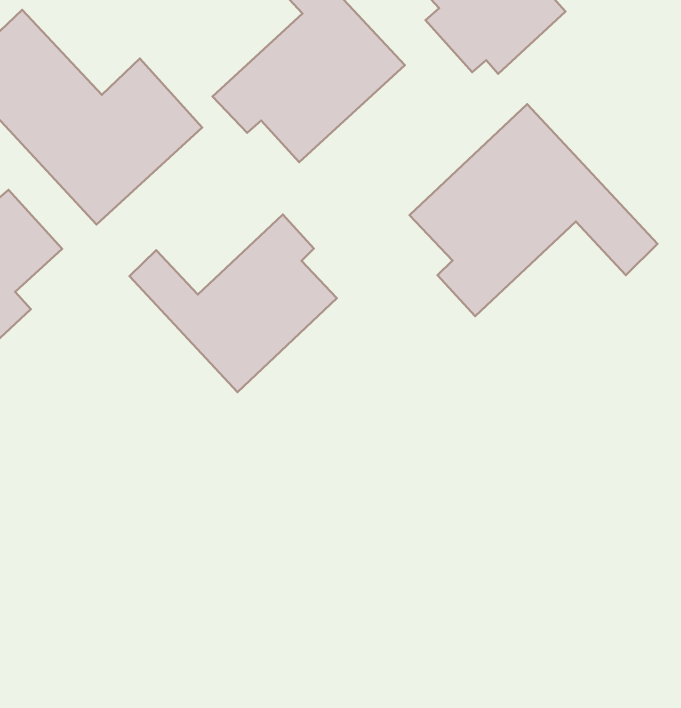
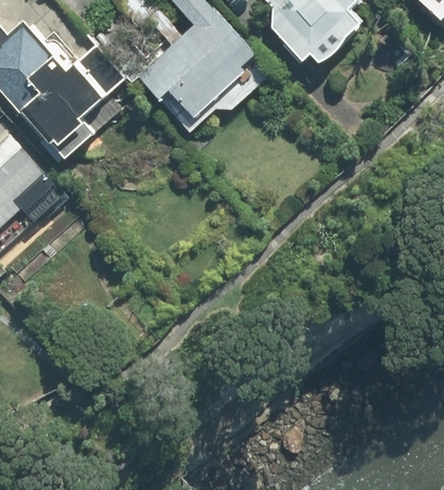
building: [409,104,657,316] -> none
building: [130,214,337,392] -> none

